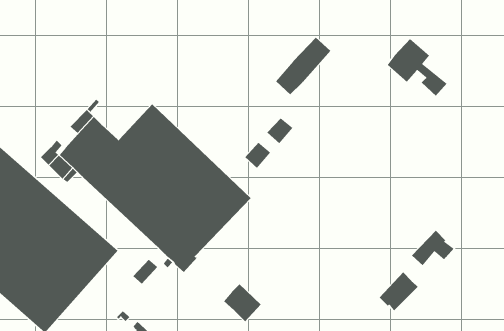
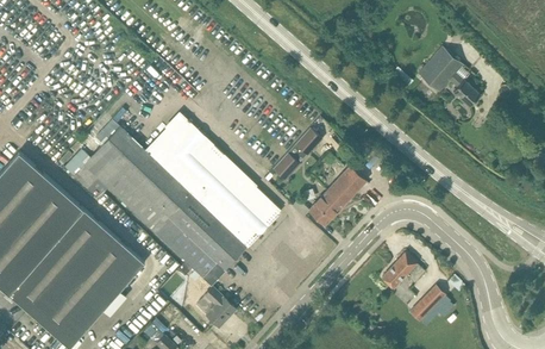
building: [275,37,331,95] -> [308,167,365,226]
building: [411,230,454,266] -> [381,253,425,289]
building: [223,284,262,322] -> [195,288,234,328]

